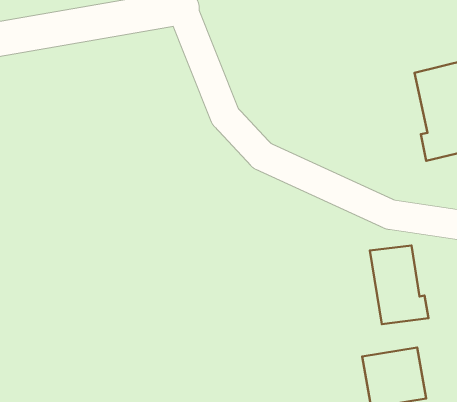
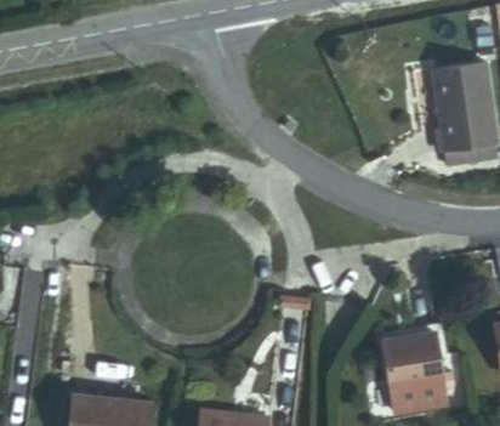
building: [370,246,429,324] -> none

